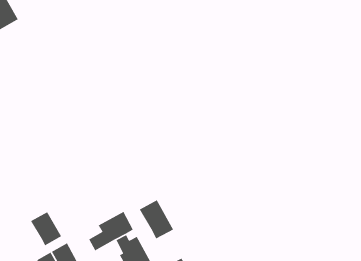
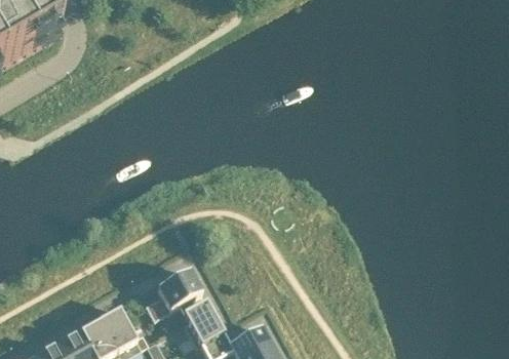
building: [139,199,174,239] -> none
building: [30,211,62,246] -> none

